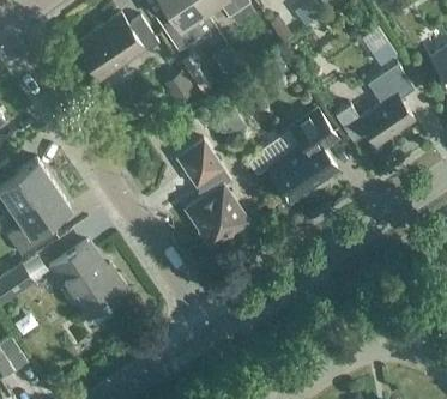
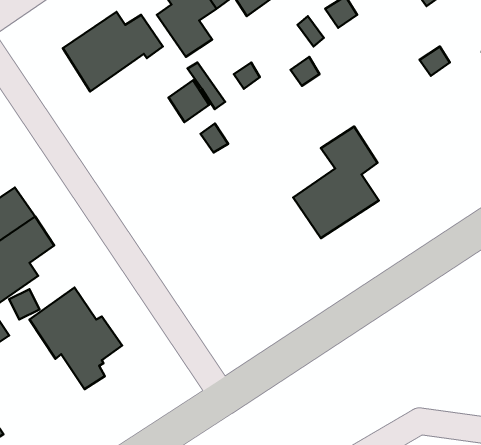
building: [334,62,415,144] -> none
building: [175,138,248,246] -> none

